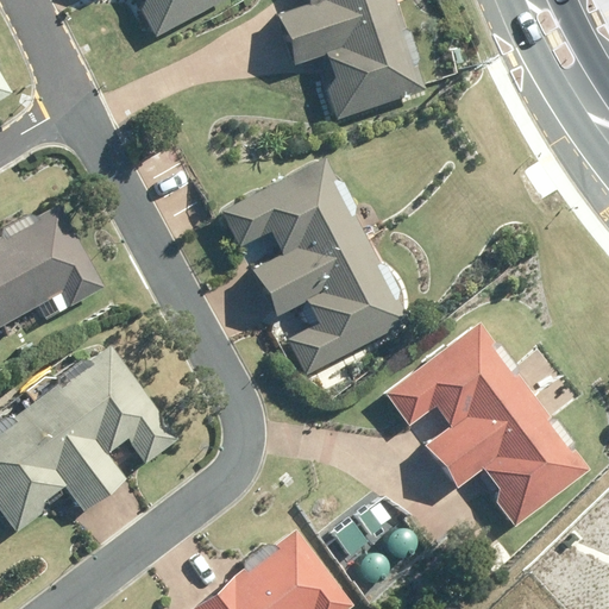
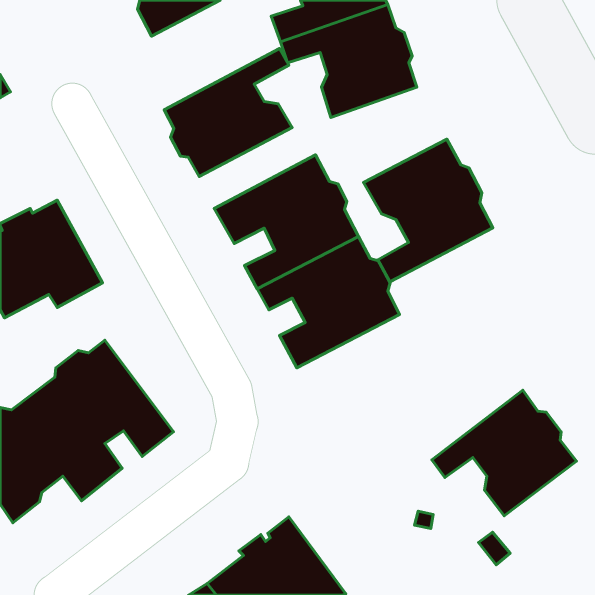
building: none -> [164,49,292,177]
building: none -> [364,139,493,282]
building: [384,325,534,470] -> none

